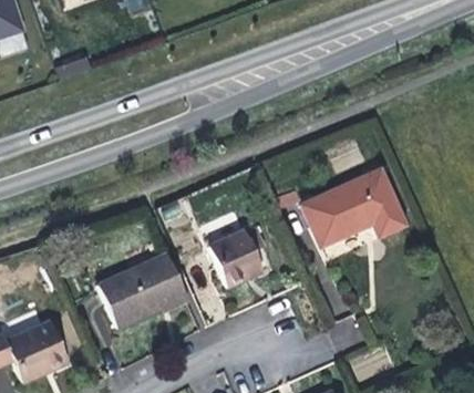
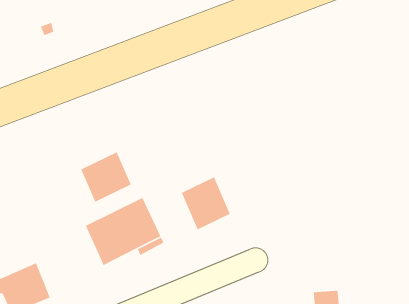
building: [305,172,404,245] -> none
building: none -> [80,151,132,203]

